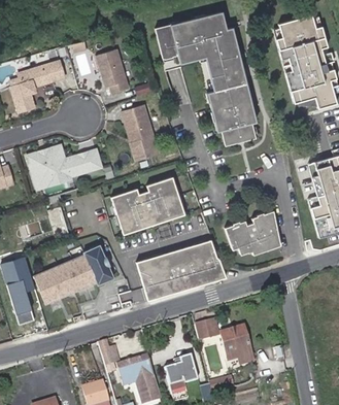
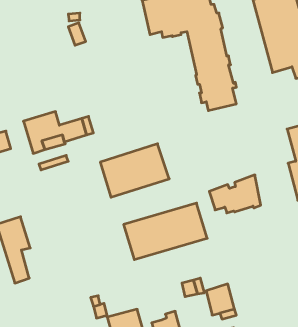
building: [94,48,128,94] -> none
building: [8,62,63,112] -> none
building: [120,105,158,161] -> none
building: [36,245,114,303] -> none

